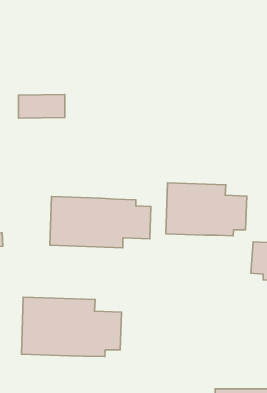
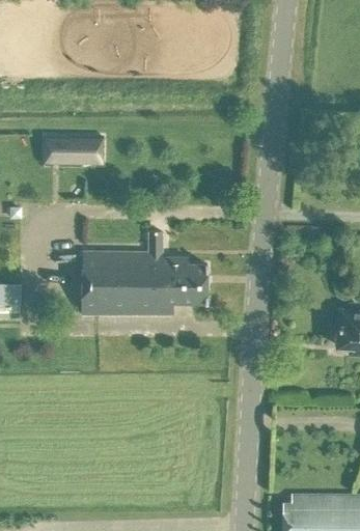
building: [166,183,247,236] -> none
building: [21,297,122,357] -> none

